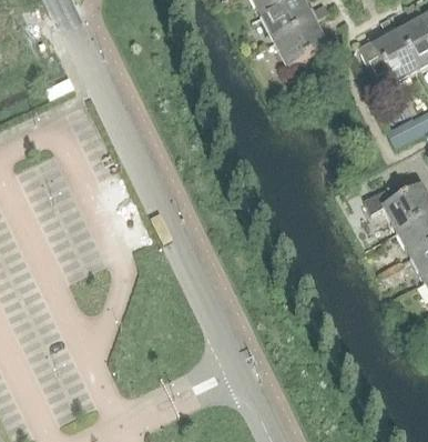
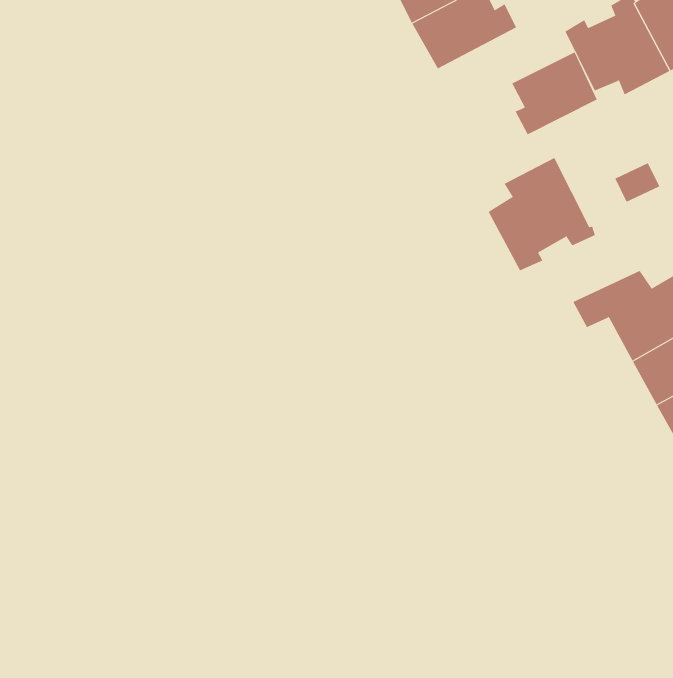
building: none -> [511,51,597,135]
building: none -> [488,157,596,271]

